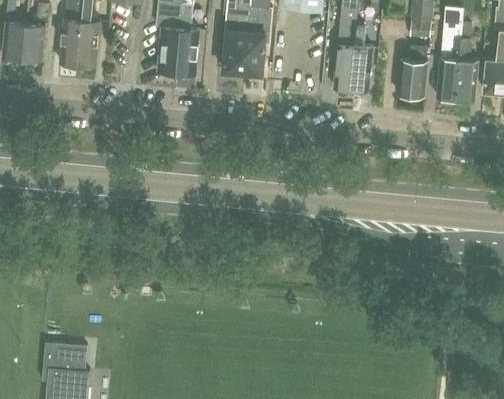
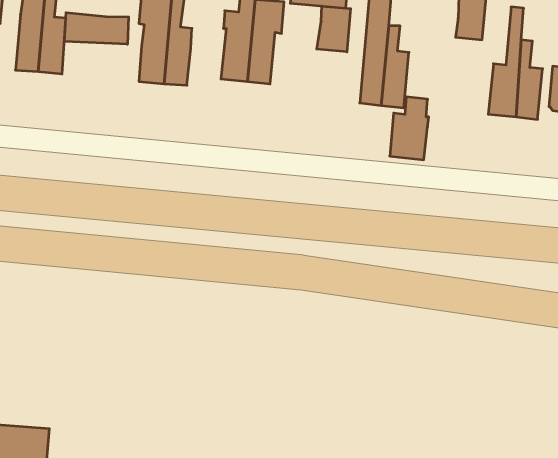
building: none -> [317,6,351,52]
building: none -> [65,13,129,44]
building: [396,47,427,97] -> [390,97,429,160]

